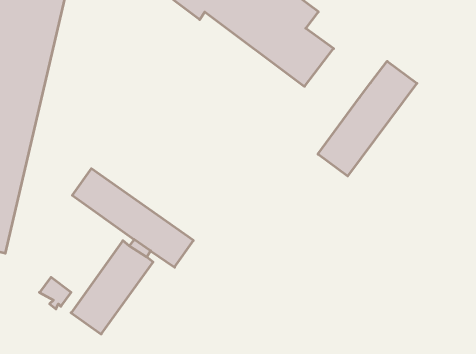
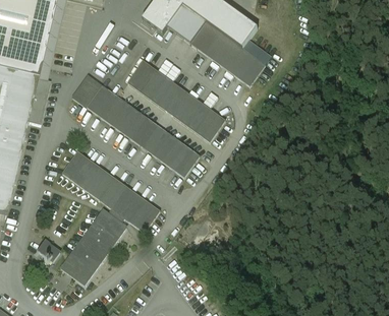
building: none -> [127,61,224,141]
building: [318,61,417,176] -> none
building: none -> [71,75,199,177]

